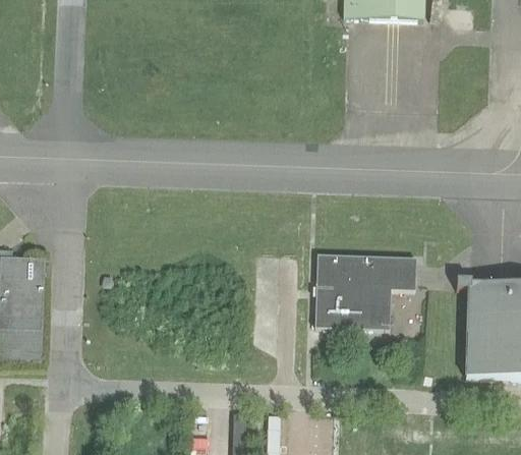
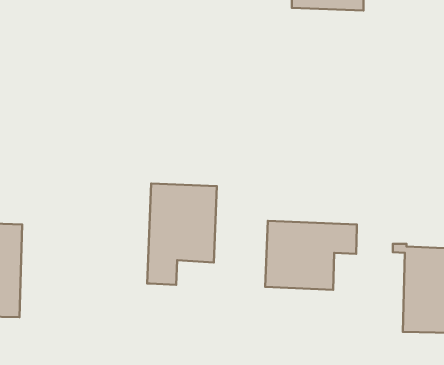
building: none -> [147,183,217,285]

